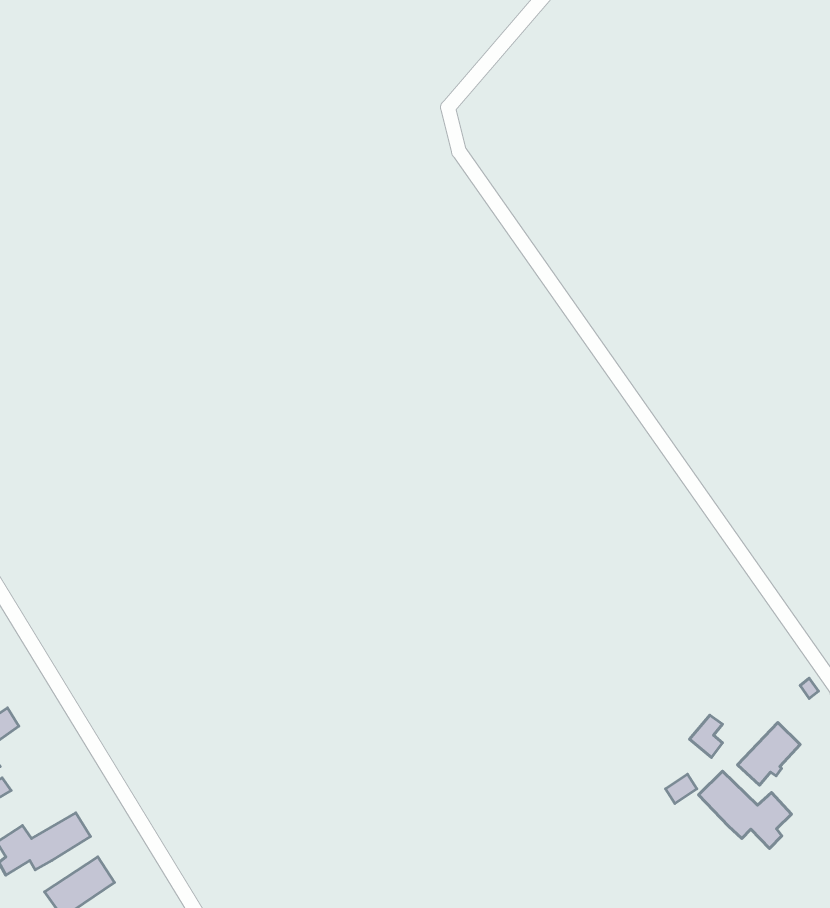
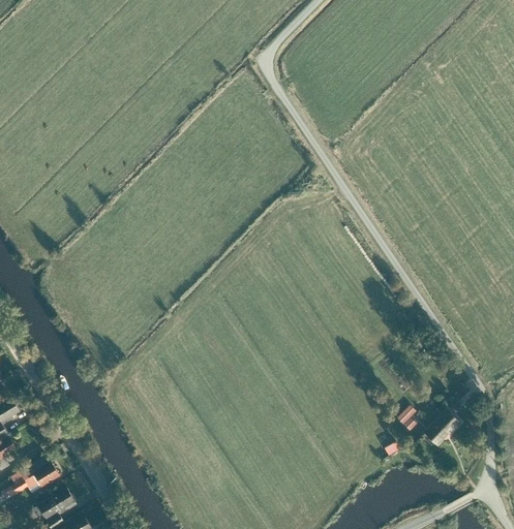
building: [699,771,791,849] -> none

